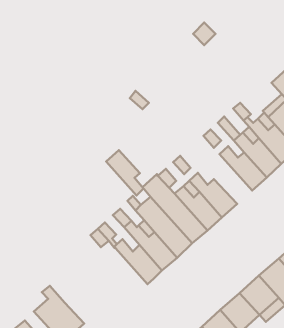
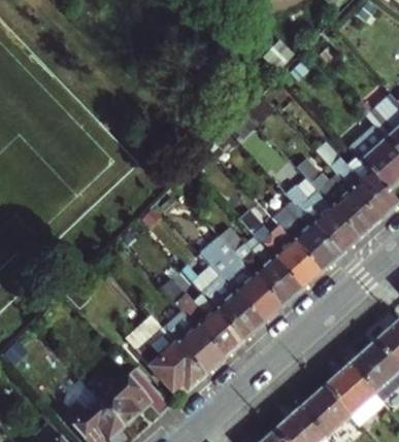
building: [106,150,144,196] -> none
building: none -> [278,206,340,271]
building: none -> [137,328,205,389]
building: none -> [99,365,173,424]

